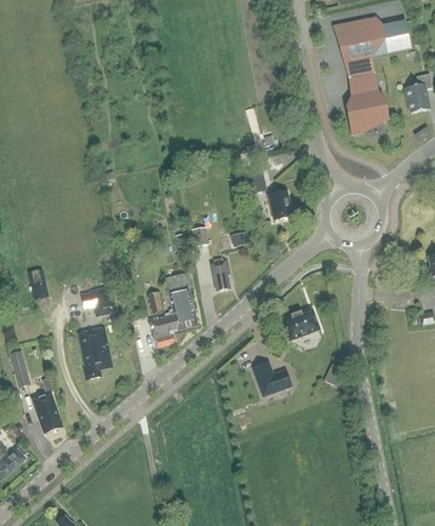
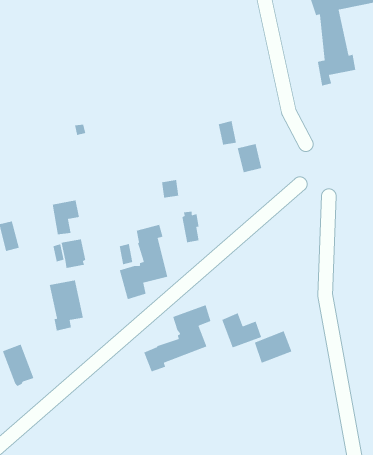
building: none -> [52,199,80,235]
building: [281,307,320,341] -> [254,330,292,364]
building: none -> [143,304,212,373]

